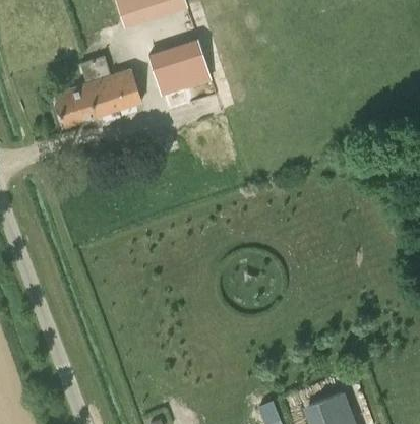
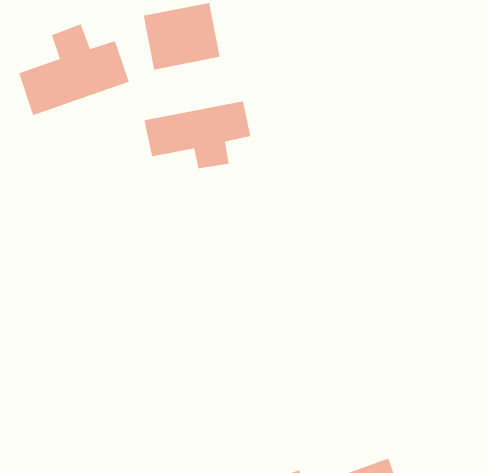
building: none -> [143,100,251,169]

